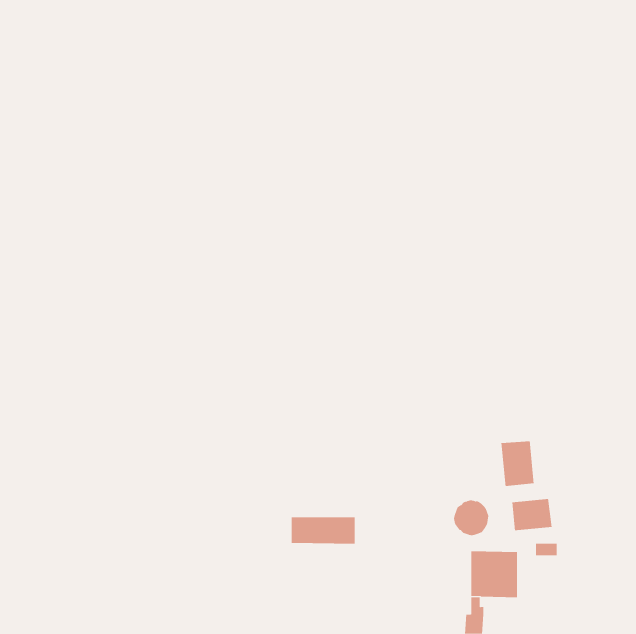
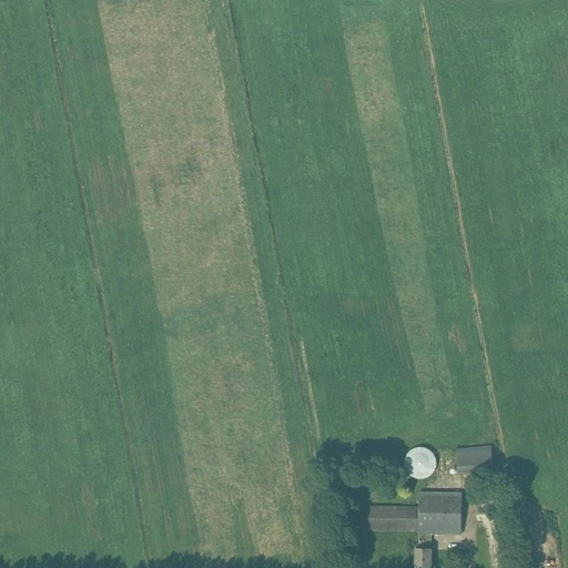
building: [501,441,534,487] -> none
building: [291,517,356,544] -> [362,506,419,530]

